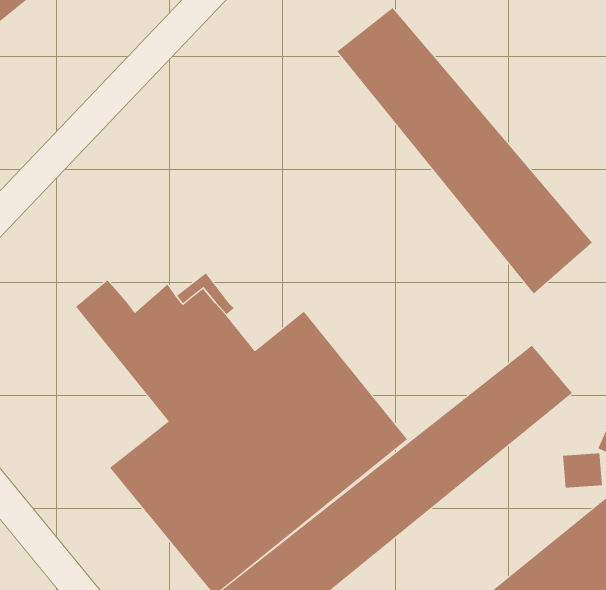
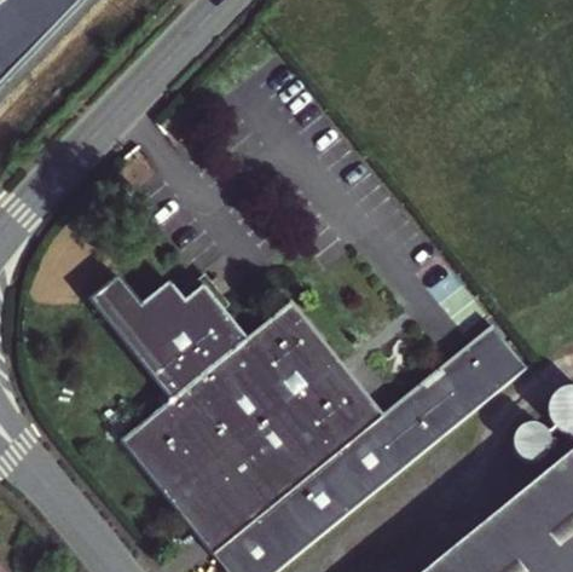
building: [337,7,593,294] -> none

